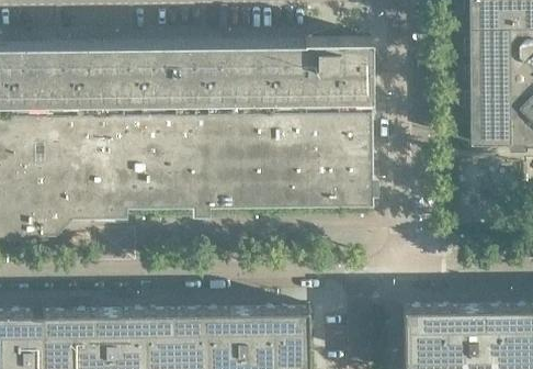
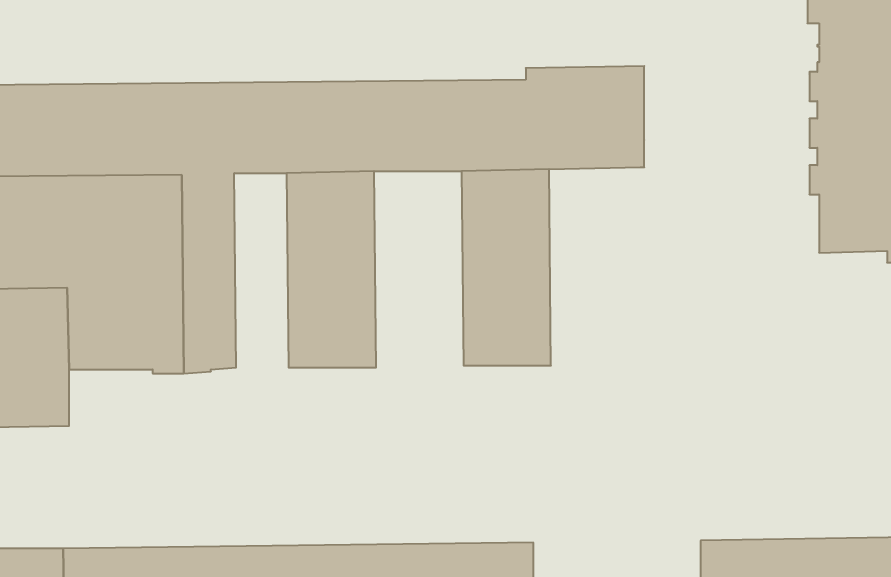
building: [319,99,374,211] -> none
building: [220,101,271,212] -> none
building: [141,102,172,212] -> none

